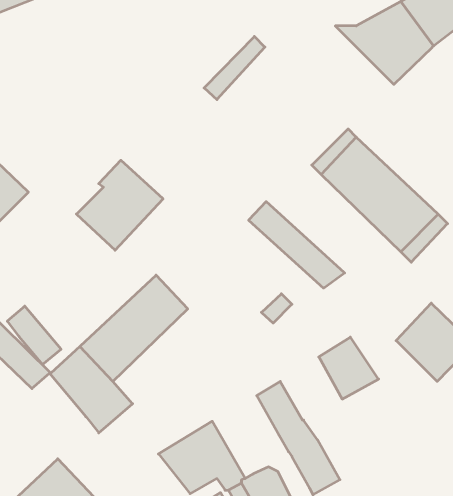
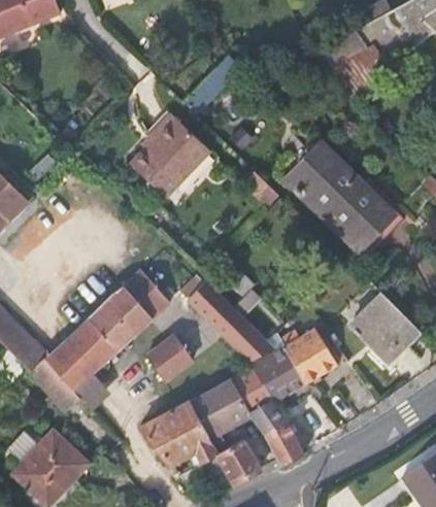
building: [76,160,163,250] -> [129,113,205,193]
building: [249,202,345,288] -> [186,281,270,358]
building: [7,306,61,365] -> [33,357,80,408]
building: none -> [147,335,192,378]
building: none -> [251,342,306,398]
building: none -> [192,376,250,449]

